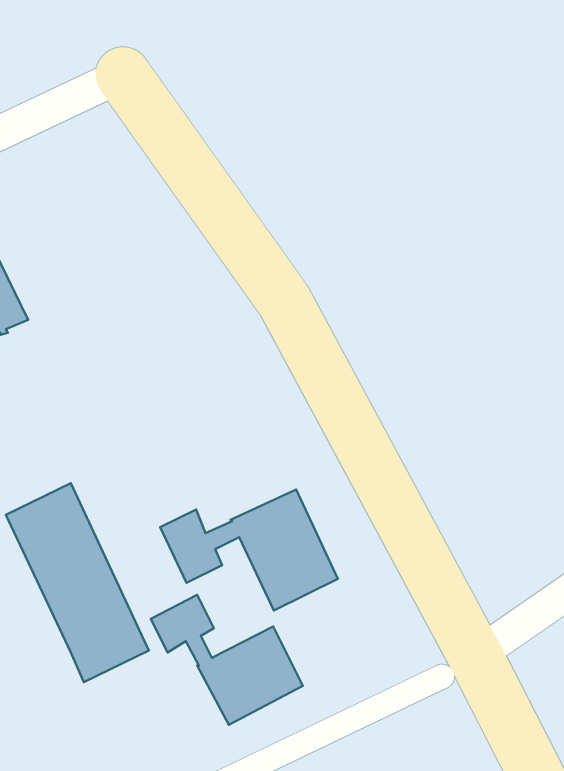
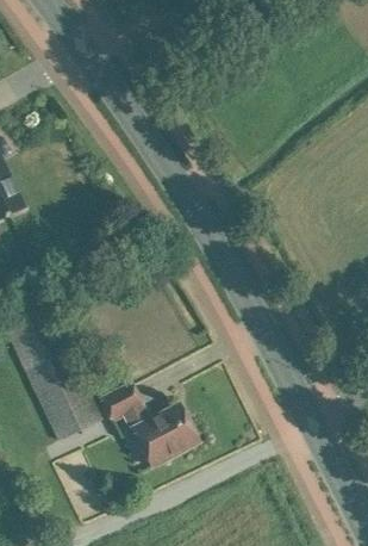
building: [160,490,338,610] -> none

